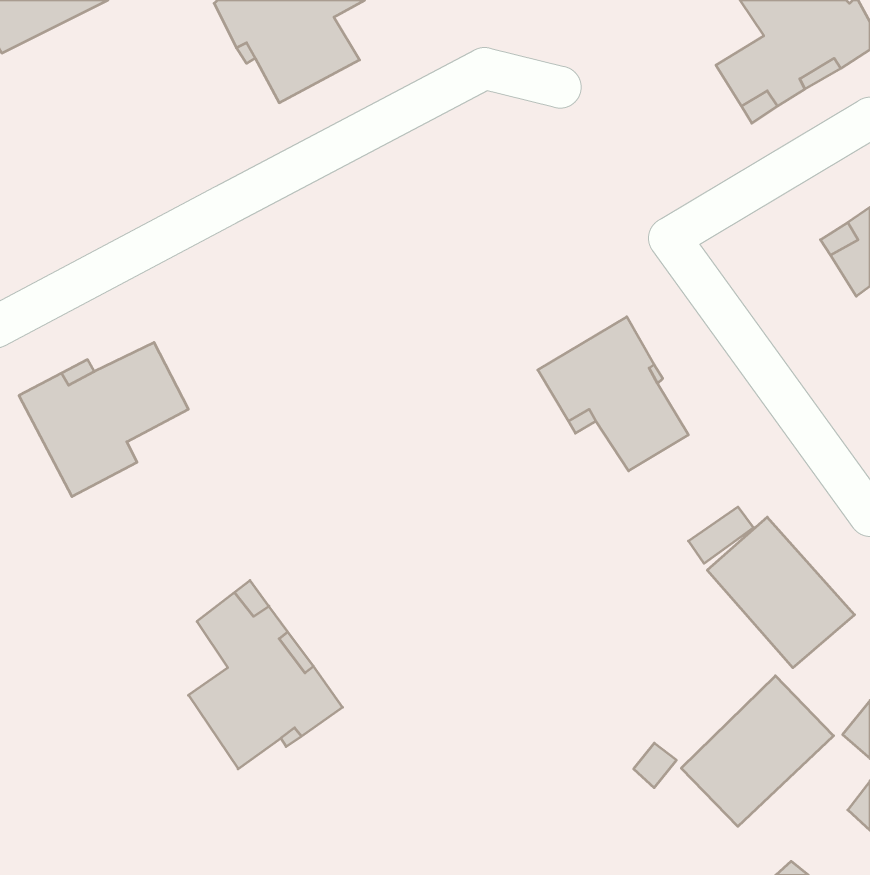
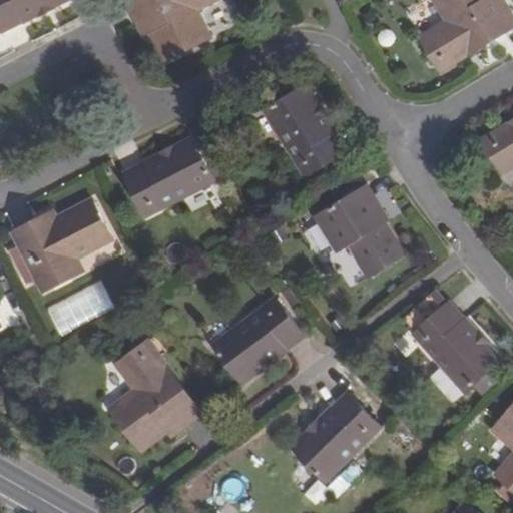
building: none -> [264,86,345,177]
building: none -> [123,139,213,216]
building: none -> [46,280,114,334]
building: none -> [213,298,303,382]
building: [681,676,834,826] -> [291,393,380,481]

